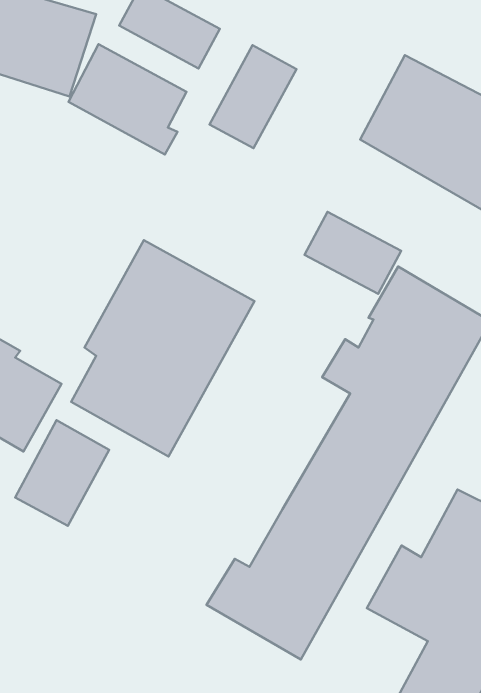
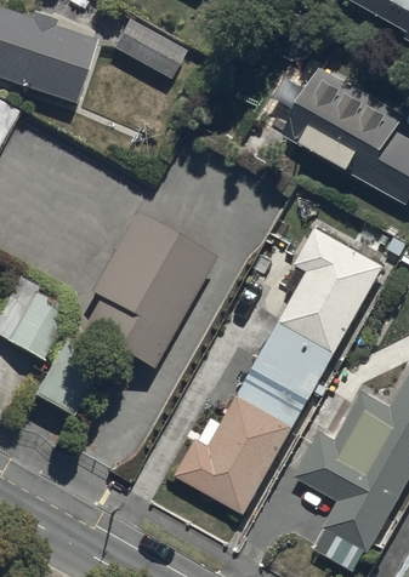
building: [69,44,186,154] -> none
building: [209,45,296,148] -> none
building: [305,212,401,294] -> none

